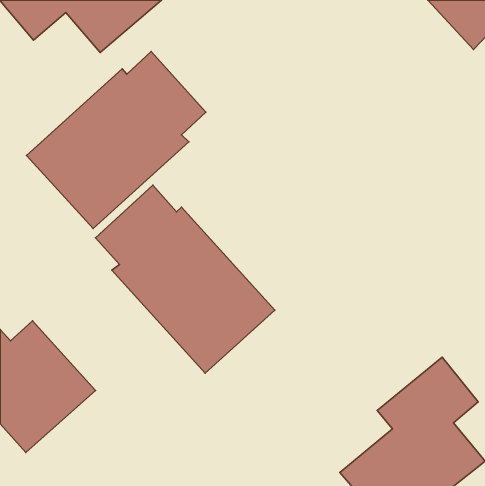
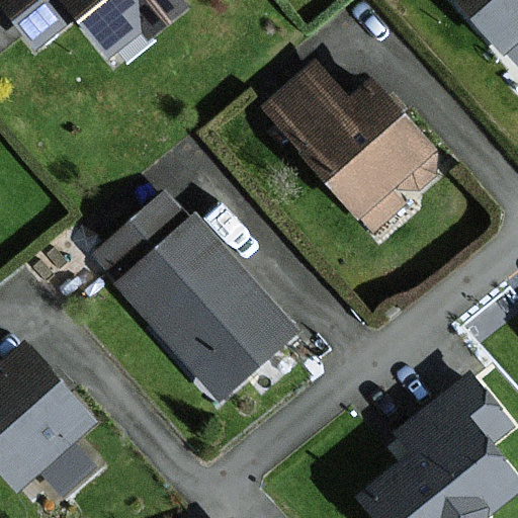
building: [27,52,206,229] -> none
building: none -> [268,72,433,217]

